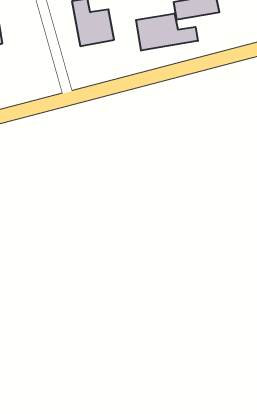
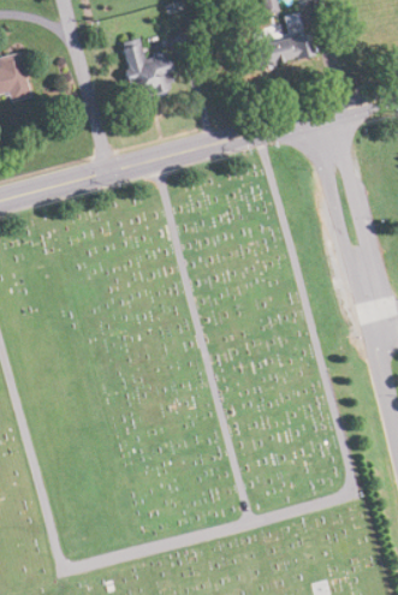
building: [136,13,198,51] -> none

